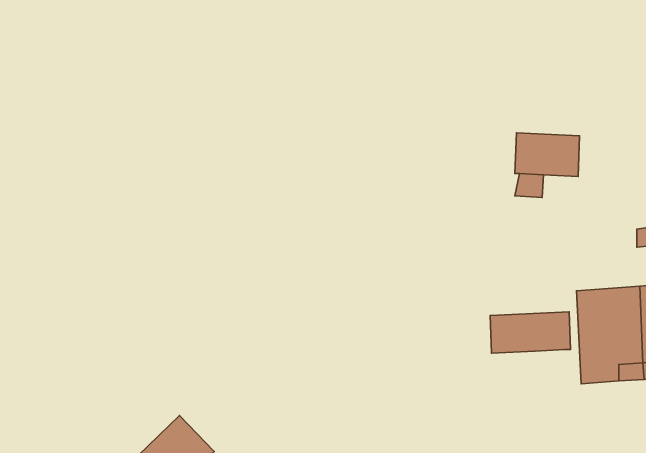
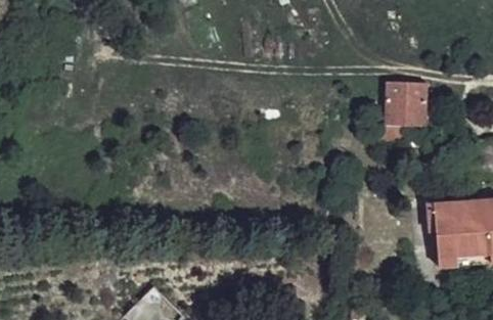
building: [490,312,570,353] -> none

